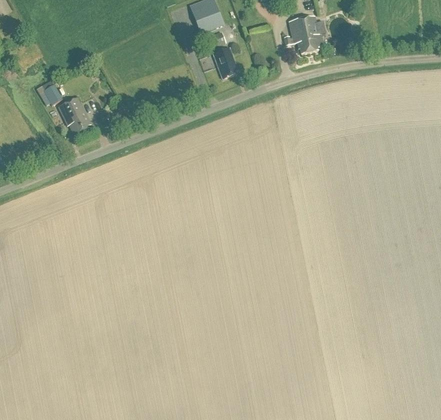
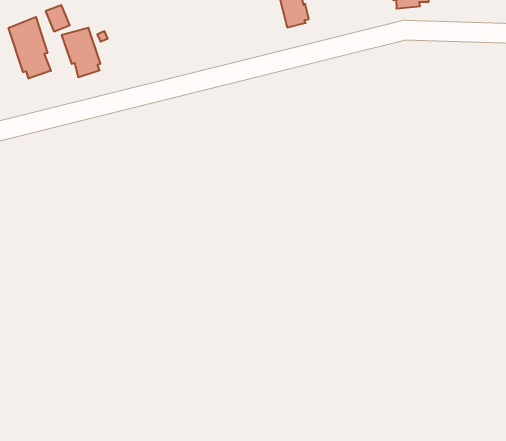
building: none -> [9,17,51,79]

